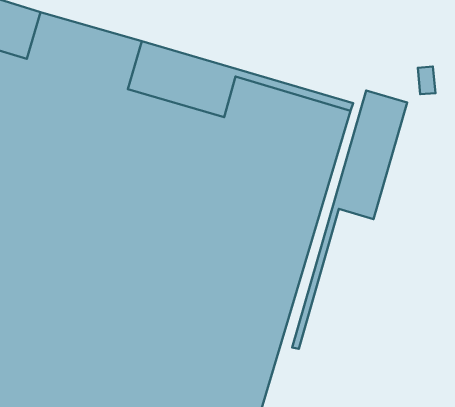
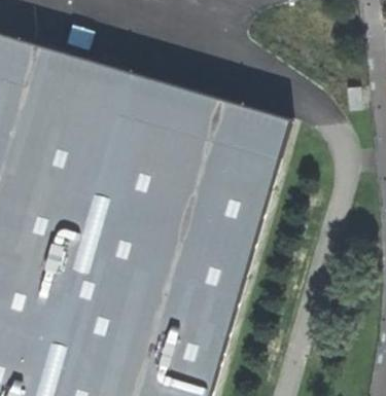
building: [292,91,407,349] -> none

